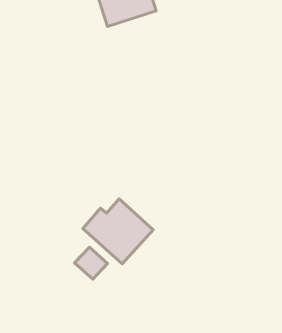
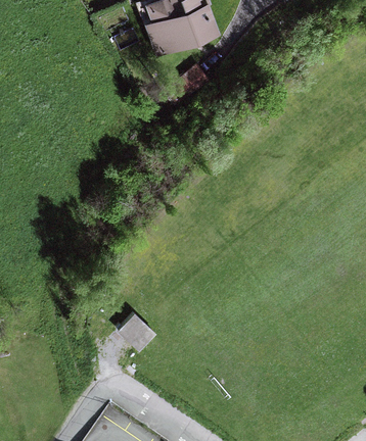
building: [83,199,153,264] -> none

